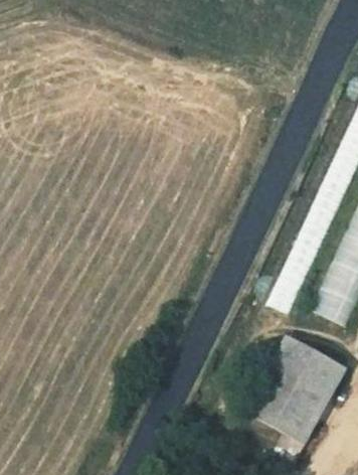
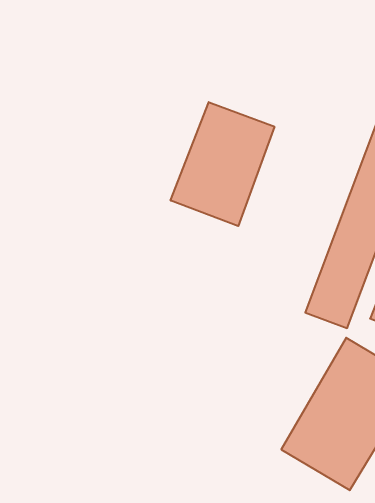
building: none -> [171,102,274,226]

